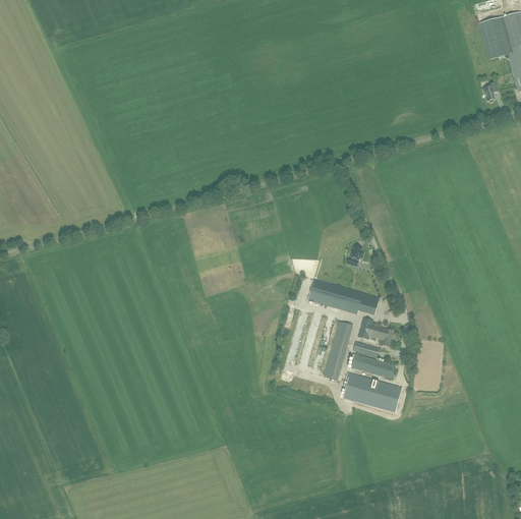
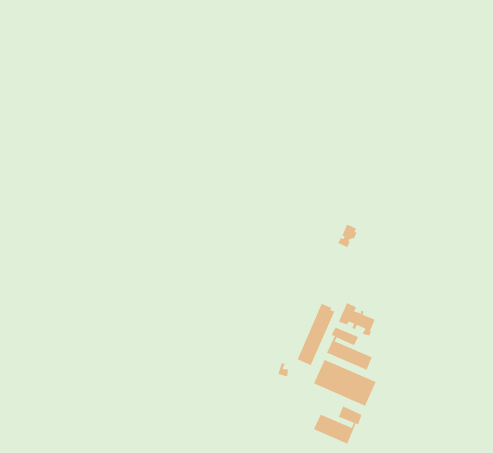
building: [308,279,380,314] -> none
building: none -> [313,406,362,444]

